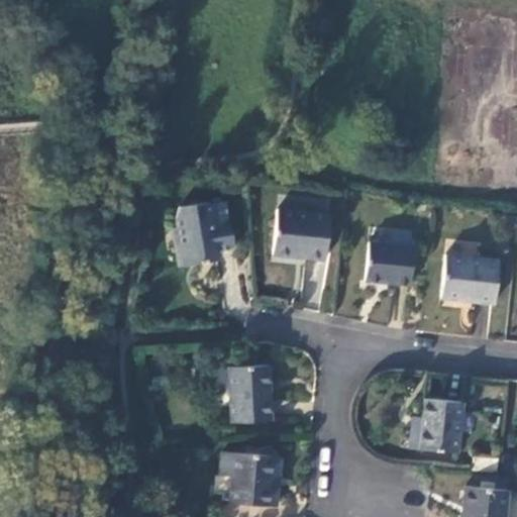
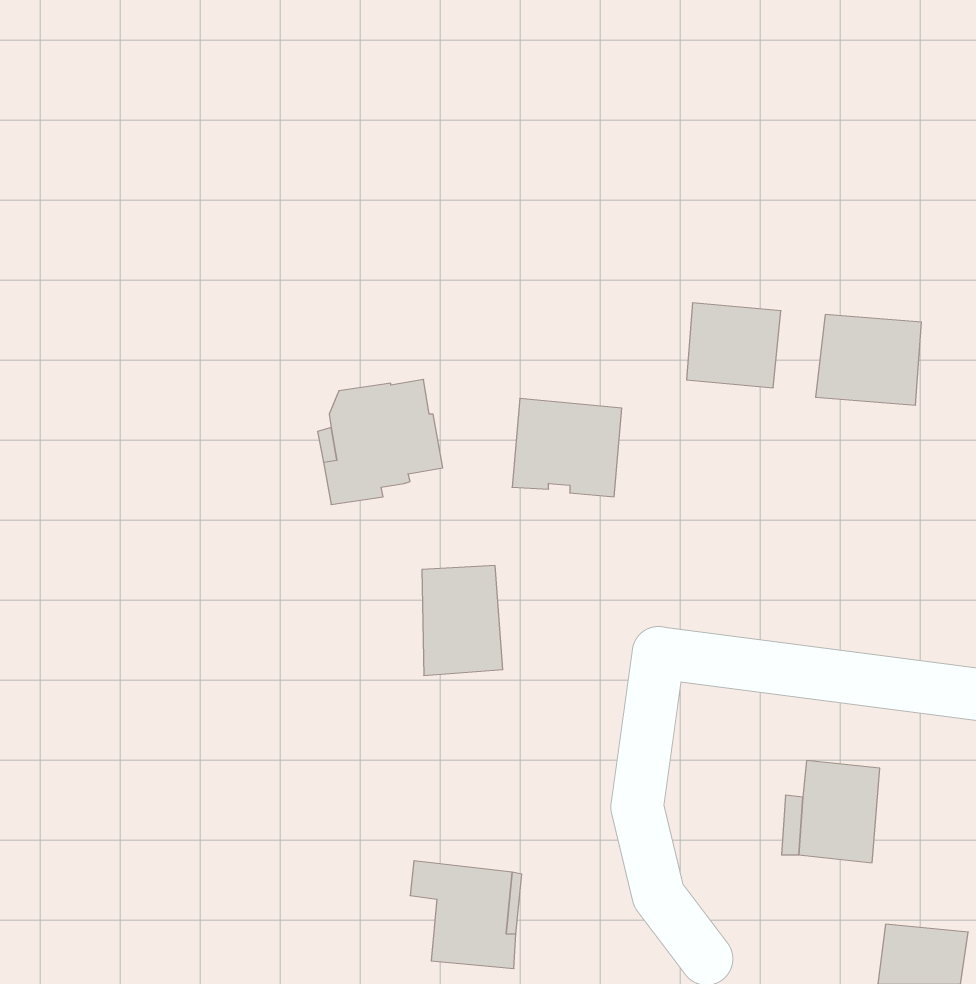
building: [366,240,415,285] -> [687,303,781,388]
building: [444,256,500,304] -> [816,315,921,405]
building: [229,365,272,422] -> [422,566,503,675]

